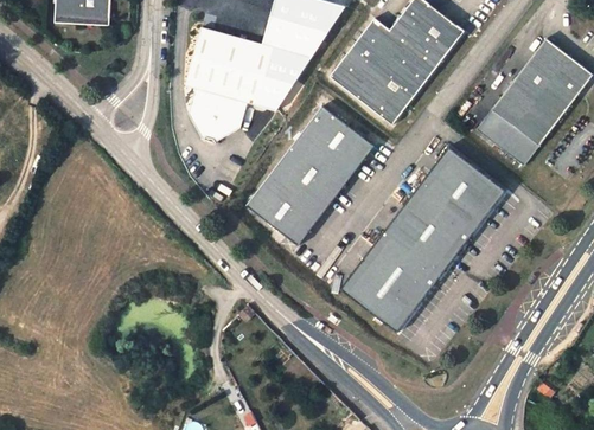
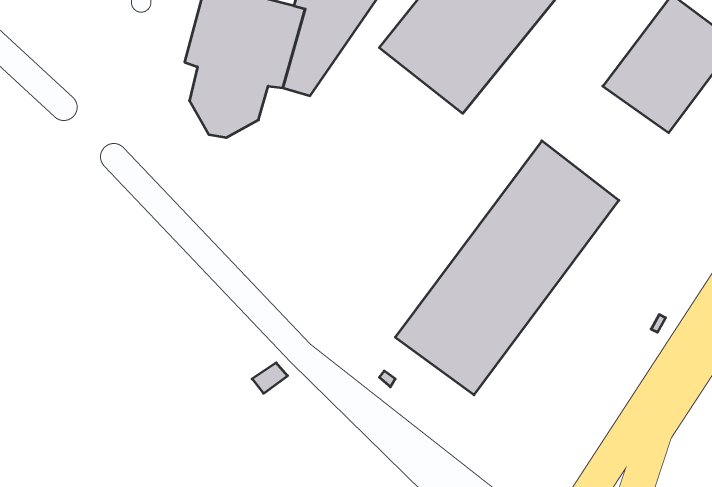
building: [245,103,373,244] -> none
building: [475,104,542,163] -> none

